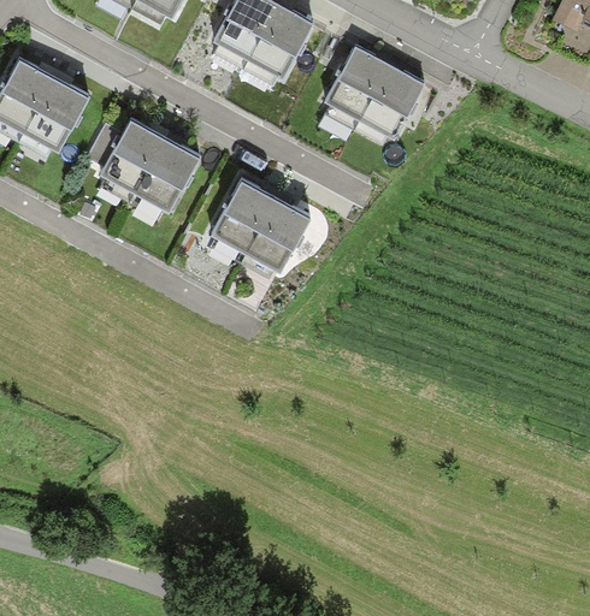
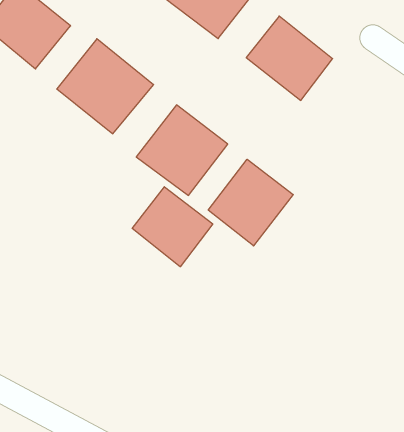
building: none -> [208,159,293,246]
building: none -> [132,187,213,267]

